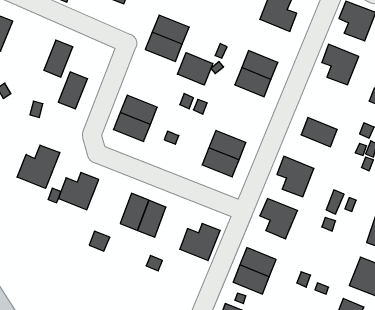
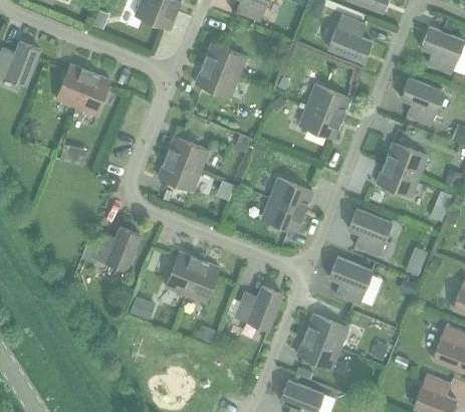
building: [177,53,213,85] -> none
building: [58,72,88,109] -> [56,64,90,108]
building: none -> [385,143,427,177]
building: [17,145,60,188] -> none

